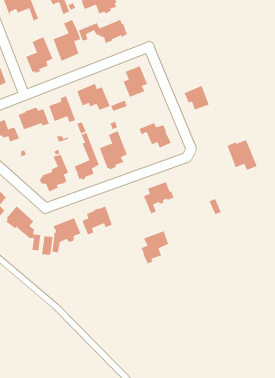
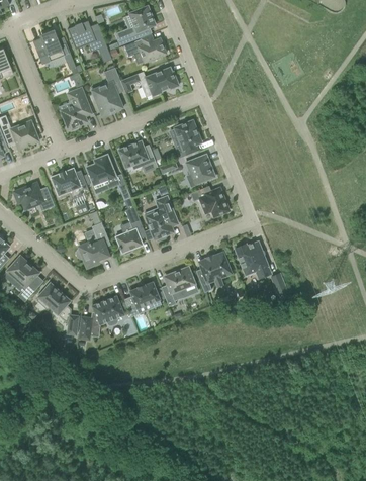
building: [184,85,210,110] -> [185,154,215,183]
building: [226,139,258,171] -> [235,242,271,278]
building: [140,230,169,264] -> [161,267,194,306]

